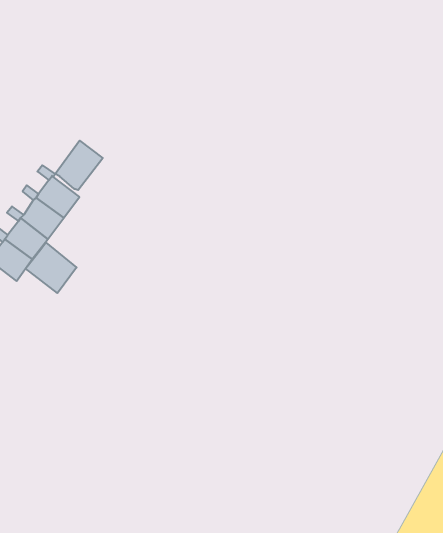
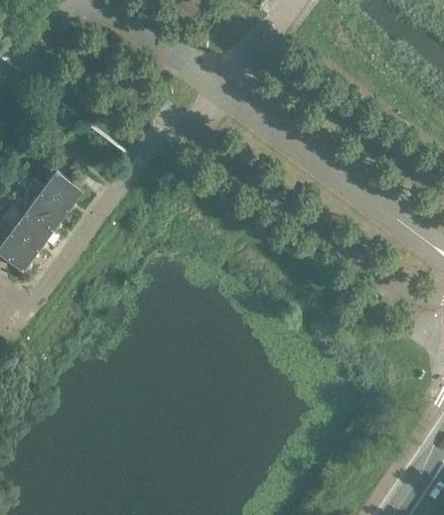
building: [55,141,103,190] -> none
building: [25,243,77,293] -> none

